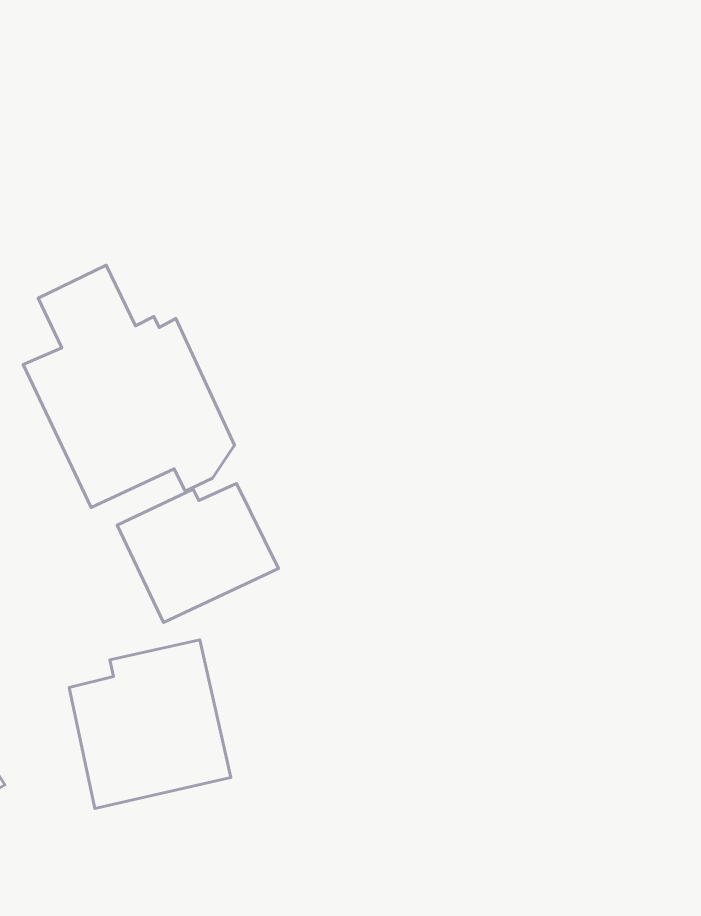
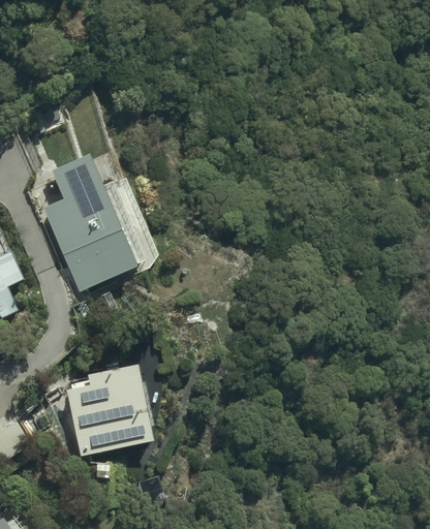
building: [117,484,279,623] -> none

